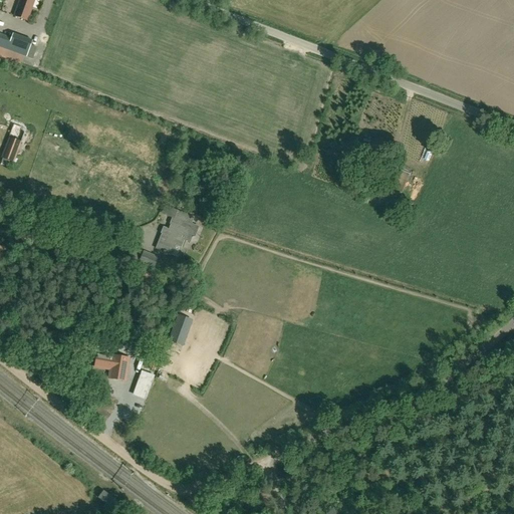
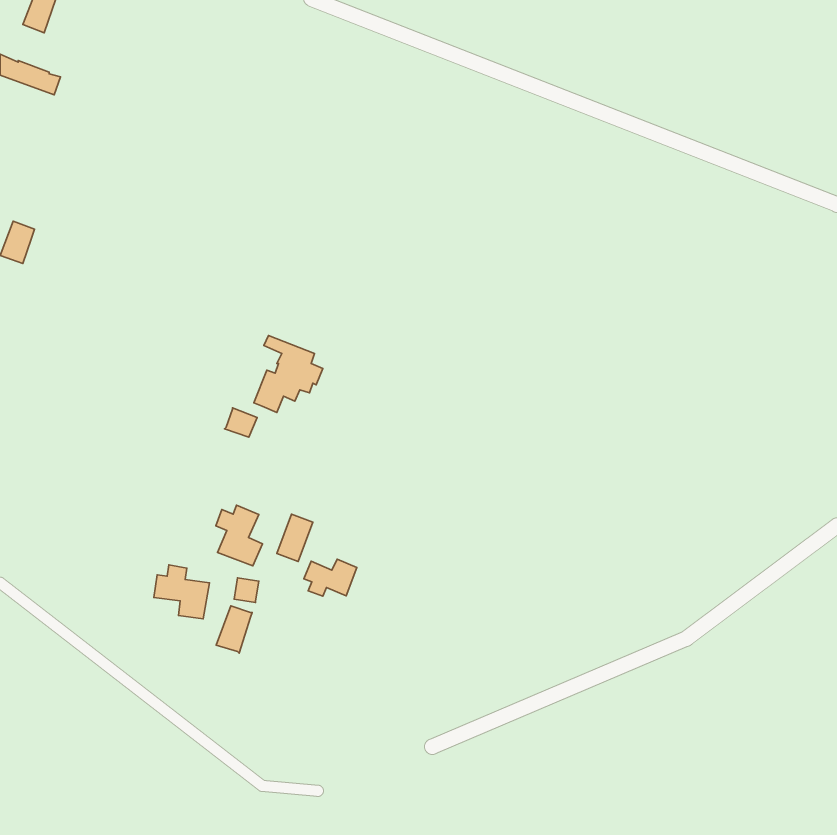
building: none -> [216,505,262,566]
building: none -> [304,559,357,596]

